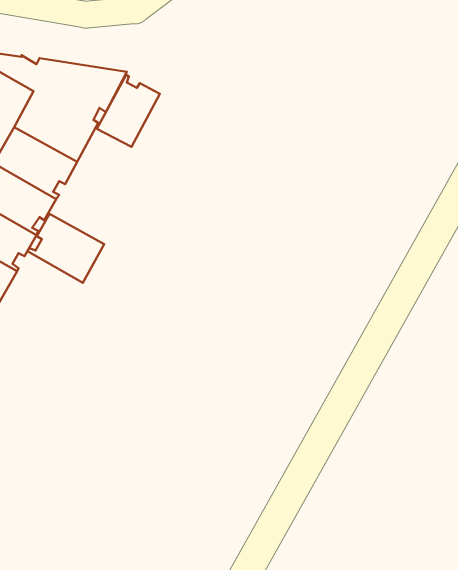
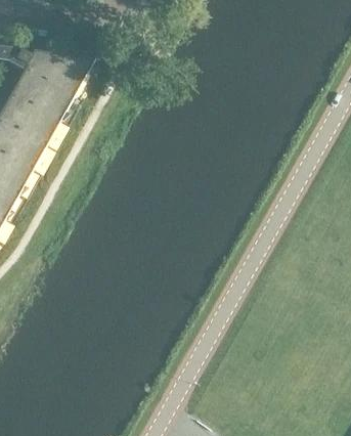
building: [97,75,160,147] -> none
building: [27,214,104,283] -> none

